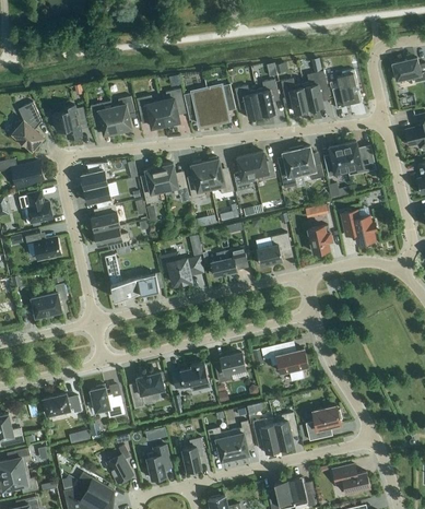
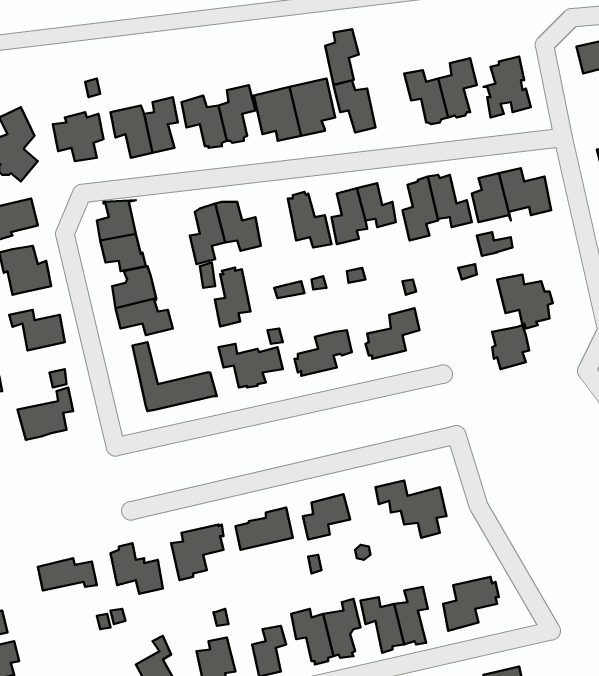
building: [257,80,279,116] -> [325,29,359,85]
building: [188,161,211,199] -> [215,267,250,327]
building: [308,225,332,253] -> [492,325,529,369]

